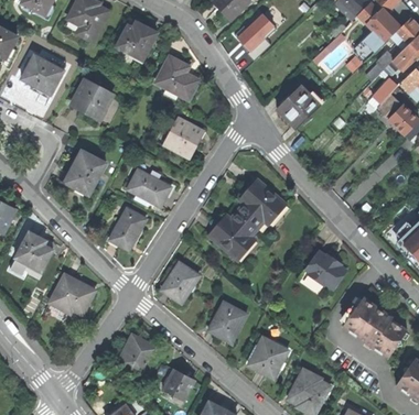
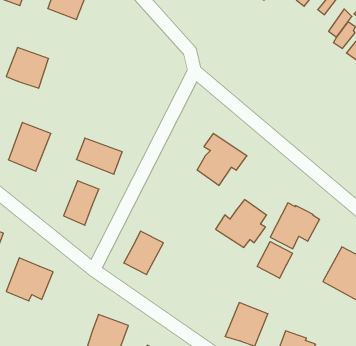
building: [155,55,198,98] -> none
building: [277,85,324,128] -> none
building: [164,118,203,156] -> none
building: [208,210,257,254] -> [216,200,267,247]
building: none -> [257,242,292,278]
building: [207,301,247,341] -> none

